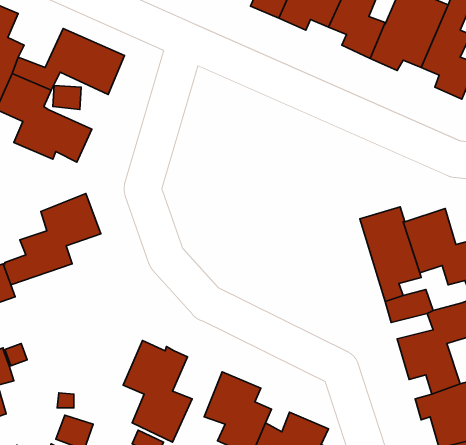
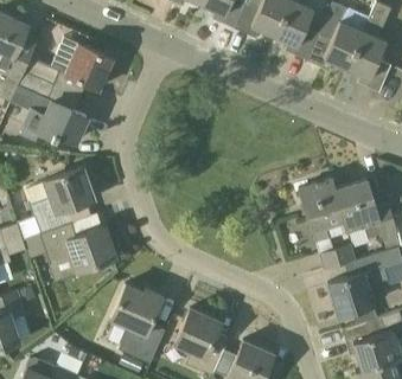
building: none -> [23,224,115,272]

